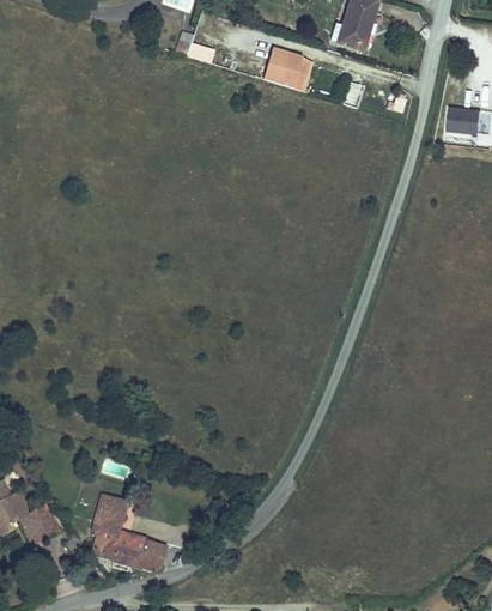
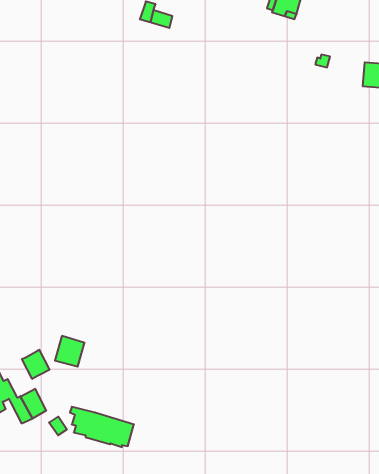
building: [265,44,303,85] -> none
building: none -> [22,350,50,379]
building: [93,494,129,531] -> [55,336,85,367]

